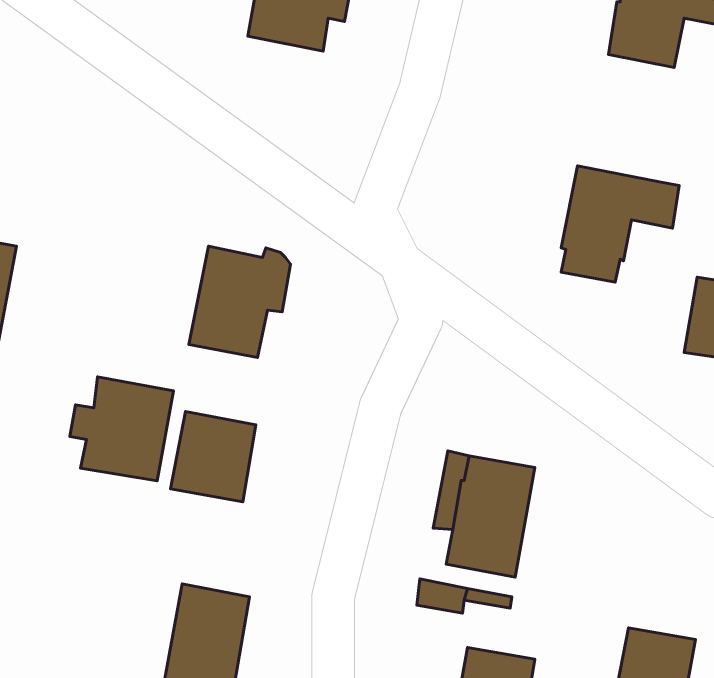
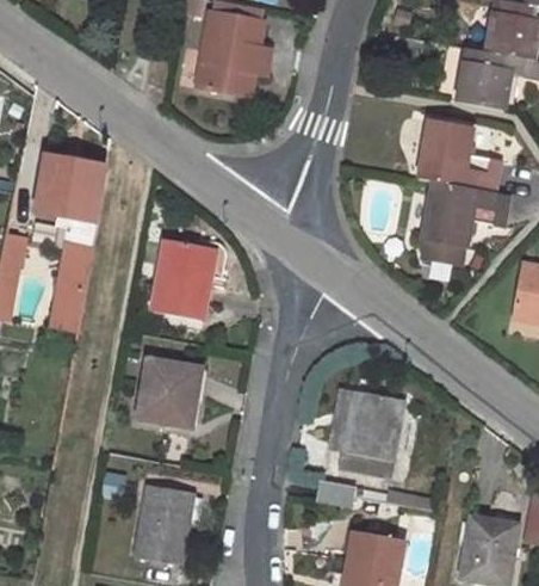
building: none -> [419,118,502,191]
building: none -> [37,156,106,331]
building: [70,377,174,481] -> none

